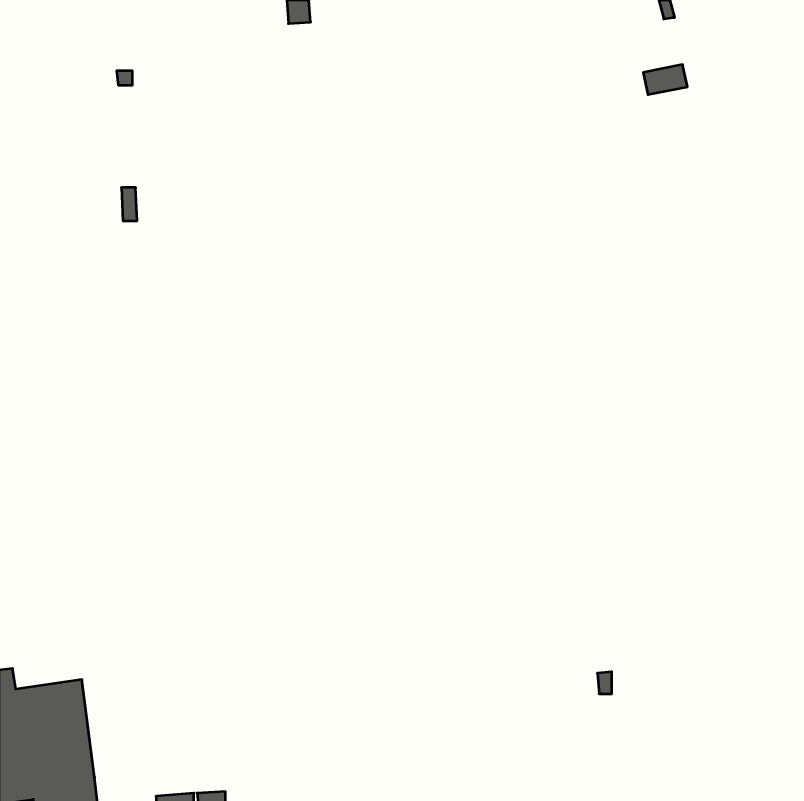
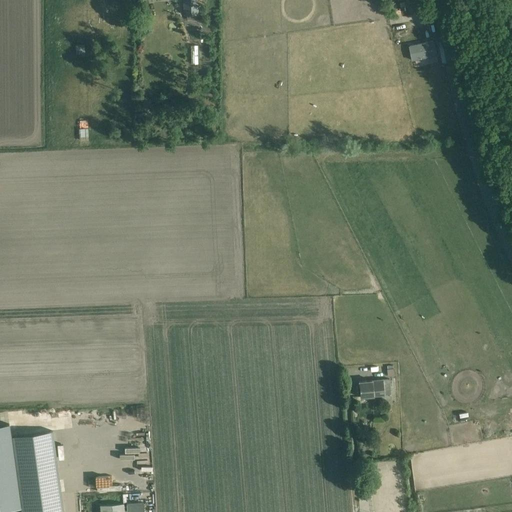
building: none -> [358,382,390,400]

